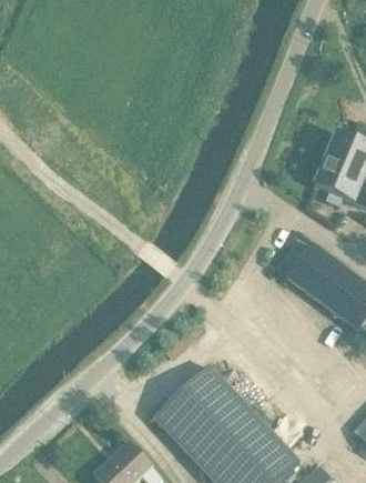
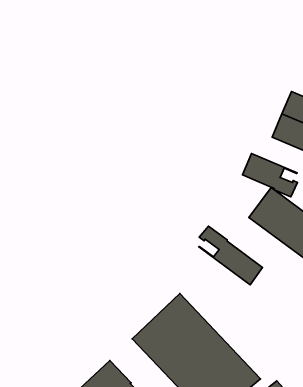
building: none -> [243,153,298,197]
building: none -> [199,226,263,285]

